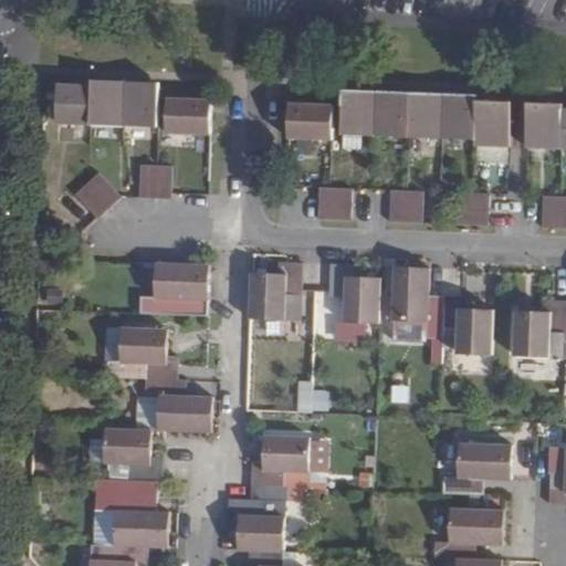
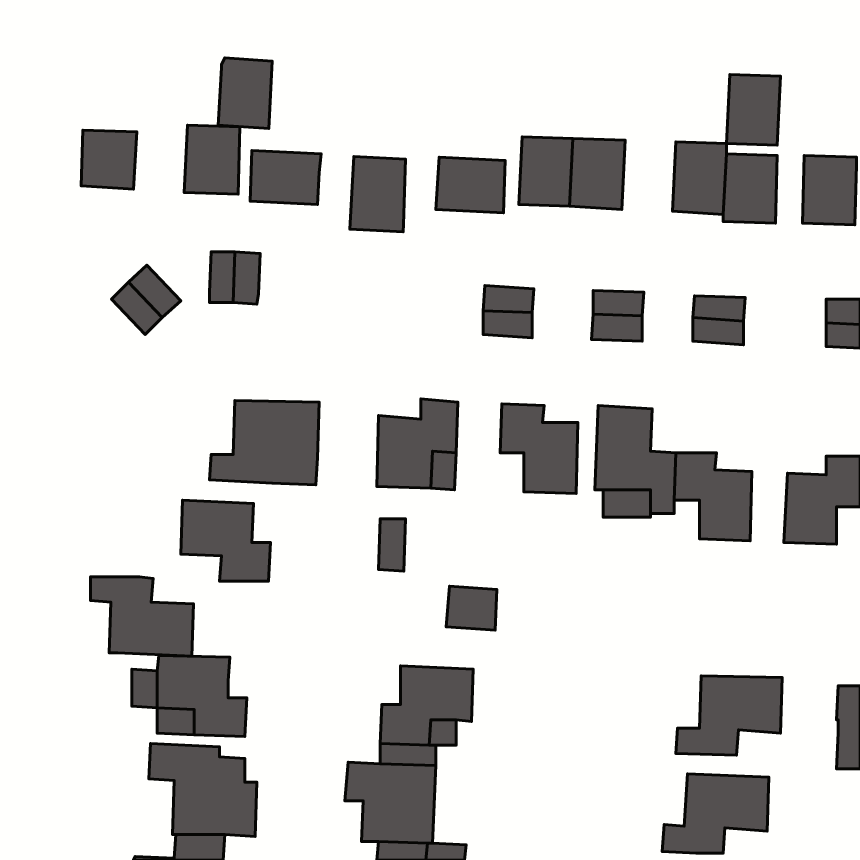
building: [87,80,123,126] -> [218,58,272,129]
building: [407,92,442,138] -> [727,74,781,145]
building: none -> [350,157,405,232]
building: [144,380,211,432] -> [91,577,194,656]

